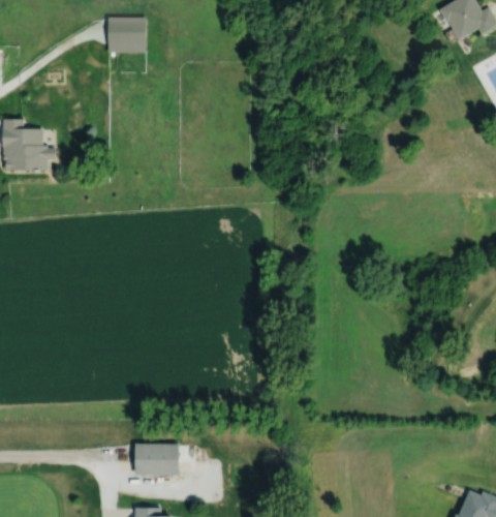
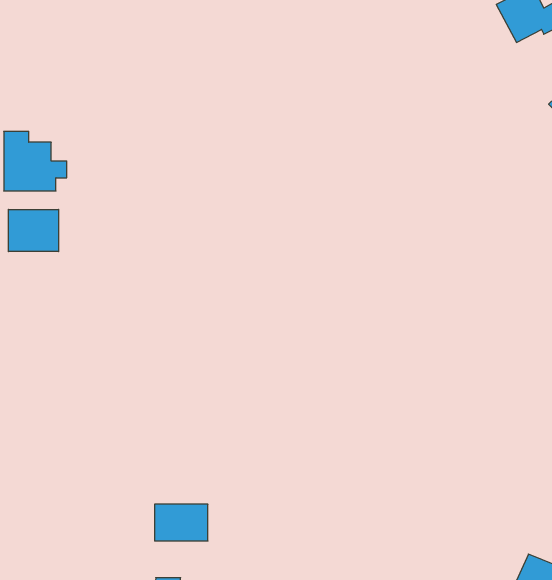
building: [108,17,149,52] -> none
building: none -> [8,209,59,252]

